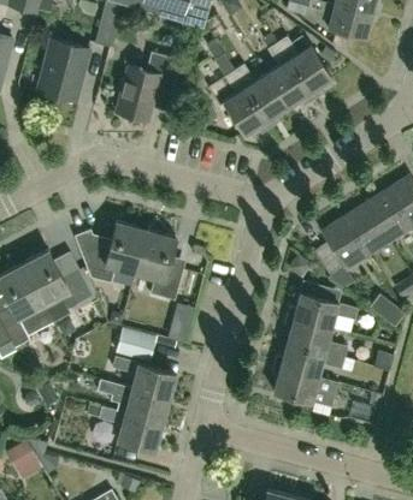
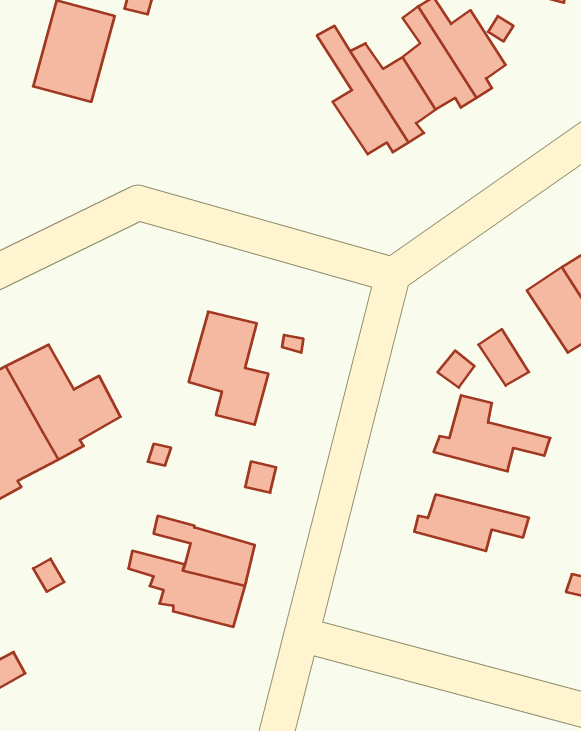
building: [118,53,181,120] -> none
building: [323,218,370,270] -> none
building: [75,222,147,284] -> none
building: [284,317,348,358] -> none
building: [117,328,155,361] -> none
building: [272,367,338,409] -> none
building: [100,406,163,451] -> none

